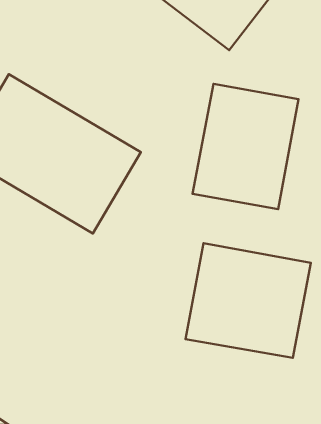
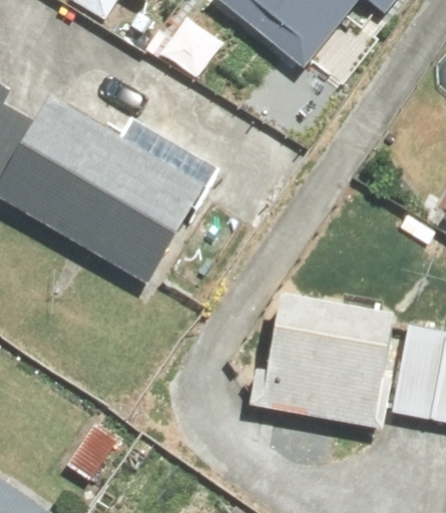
building: [192,84,299,209] -> none

